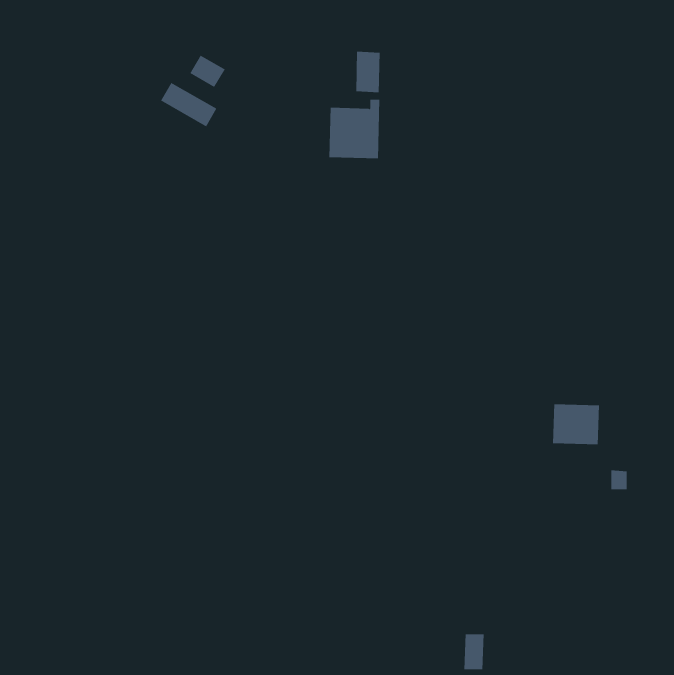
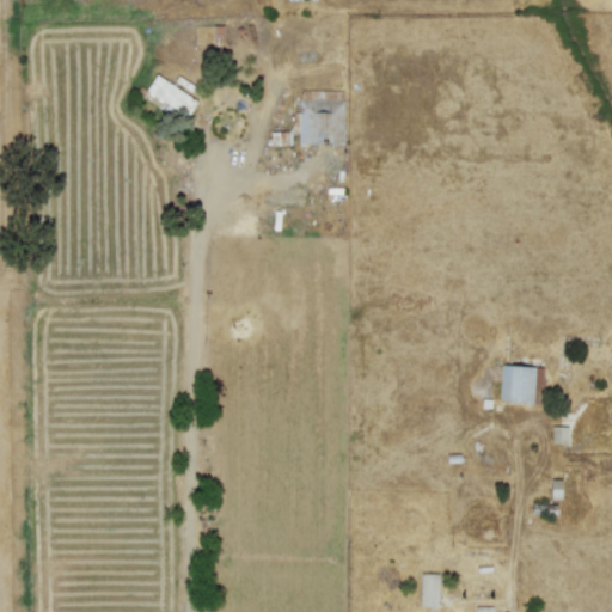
building: [356,51,380,93] -> none
building: [189,55,225,88] -> none

